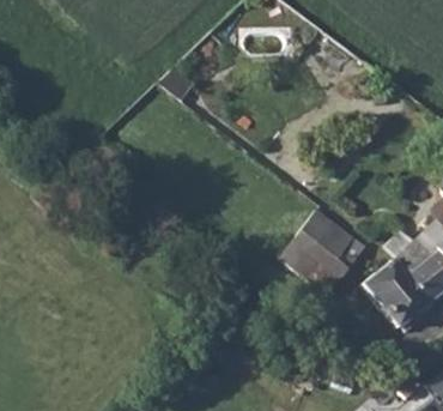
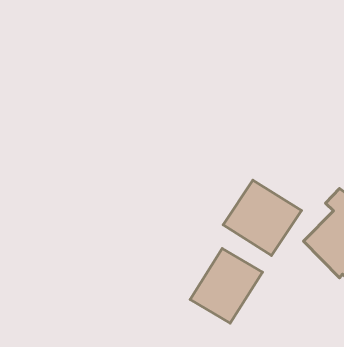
building: none -> [190,248,262,323]

